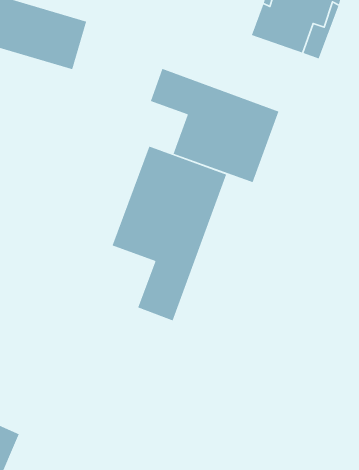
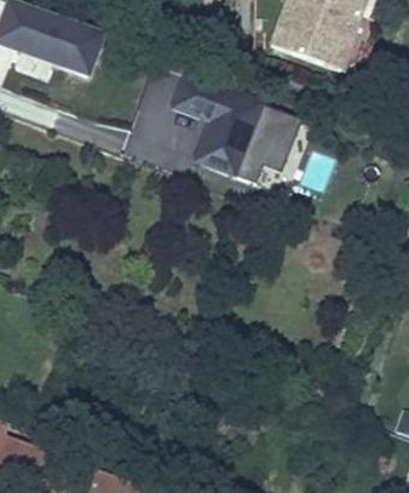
building: [111,146,227,321] -> none

